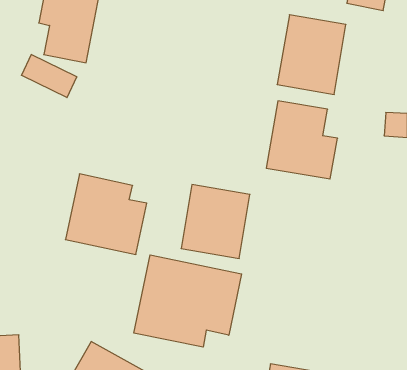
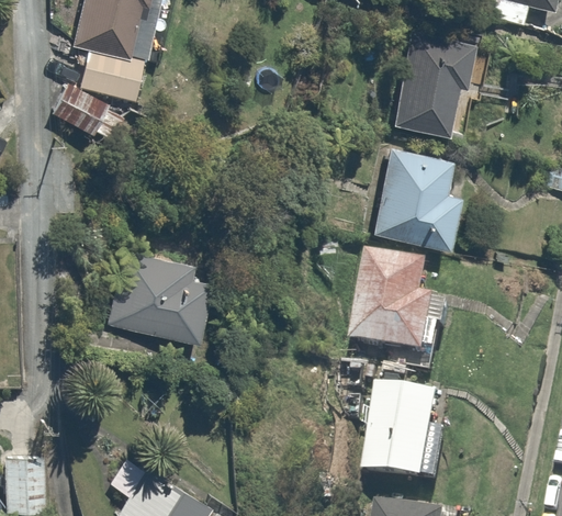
building: [181,185,250,258] -> [352,255,443,352]
building: [134,255,242,347] -> none
building: none -> [356,386,445,482]

